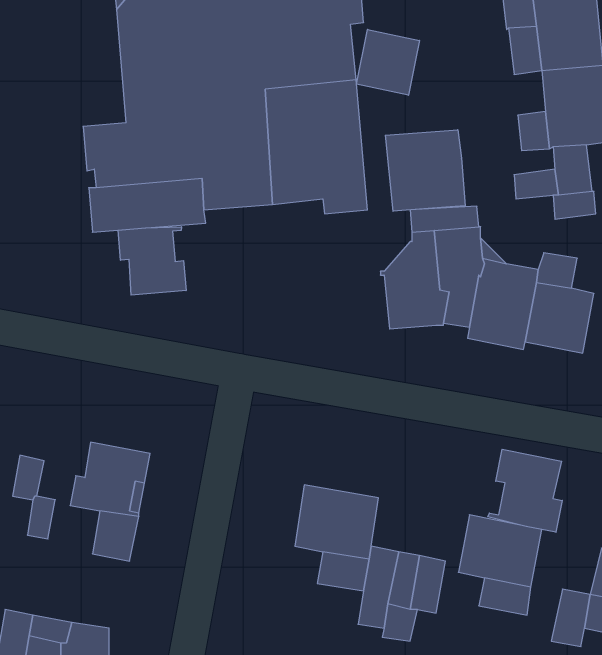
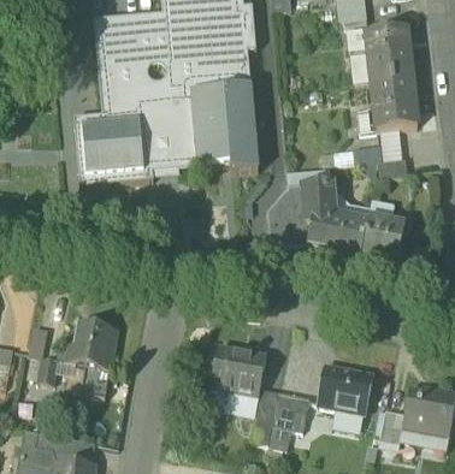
building: [357,29,419,95] -> none
building: [385,130,465,211] -> none
building: [118,227,186,295] -> none
building: [488,449,562,532] -> none

